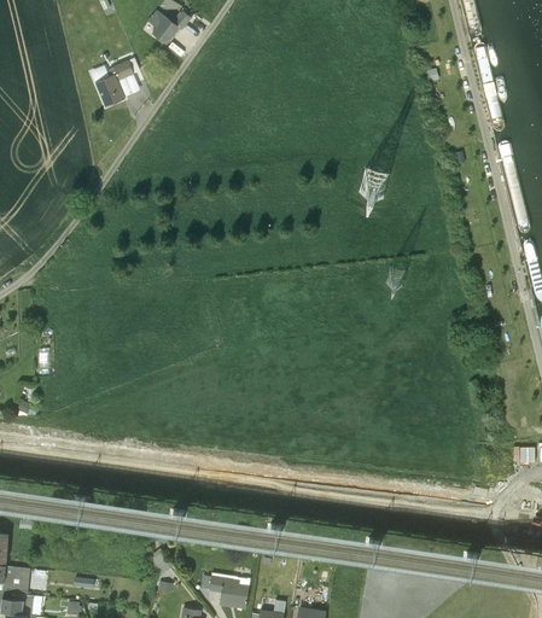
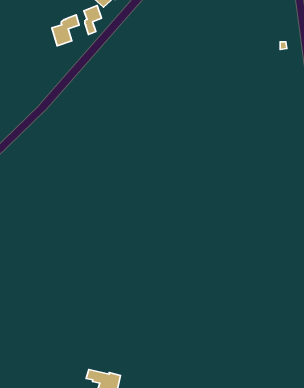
building: none -> [84,6,101,34]

